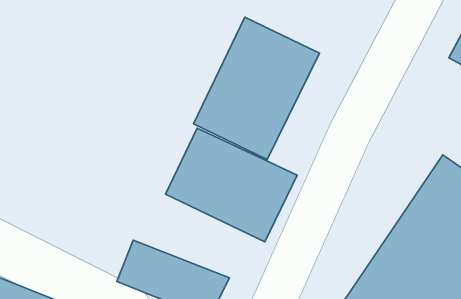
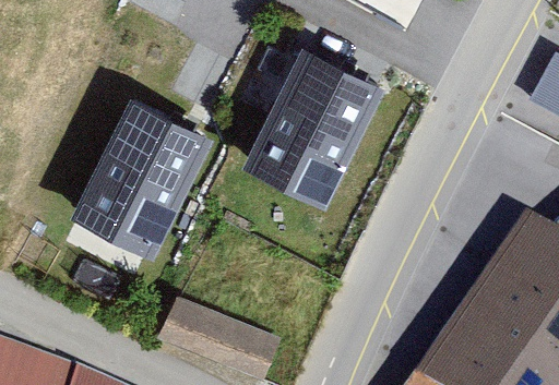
building: none -> [69,98,214,260]
building: [166,128,297,242] -> none

